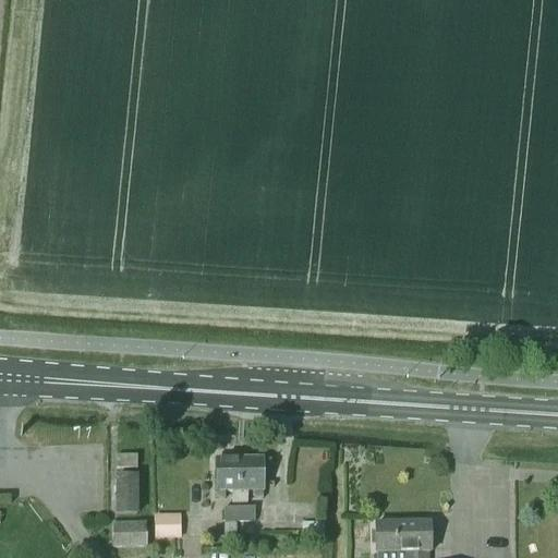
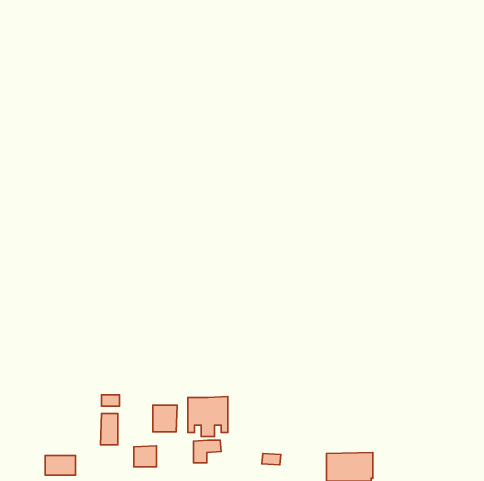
building: none -> [153,405,177,432]
building: [112,521,147,544] -> [45,455,76,475]

